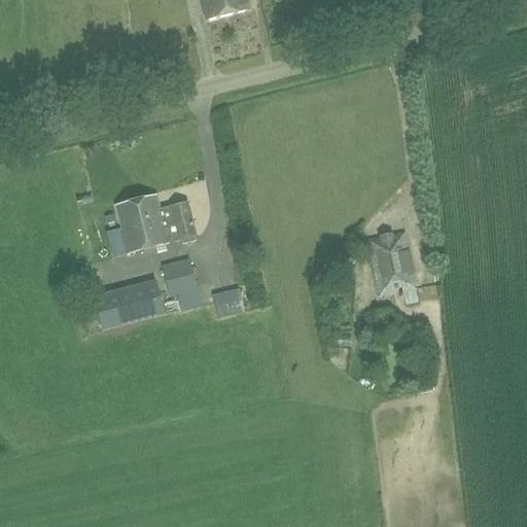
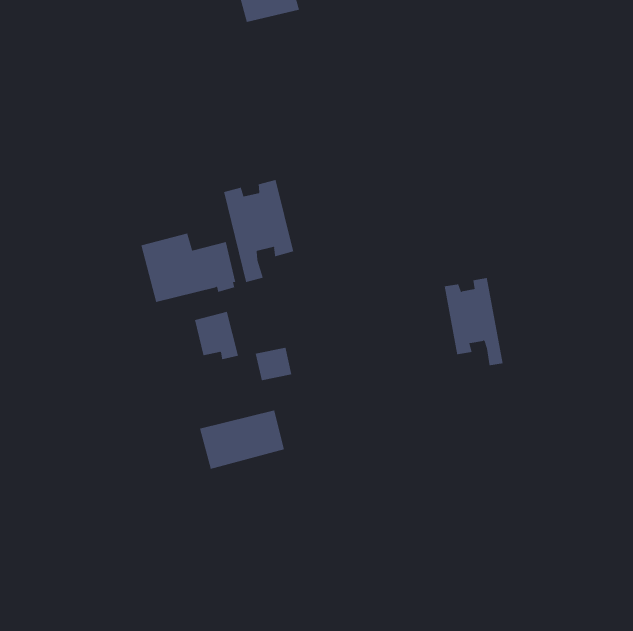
building: none -> [224,179,294,283]
building: [92,278,163,327] -> [199,410,285,470]

